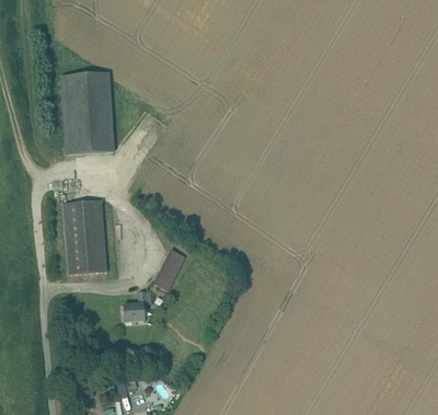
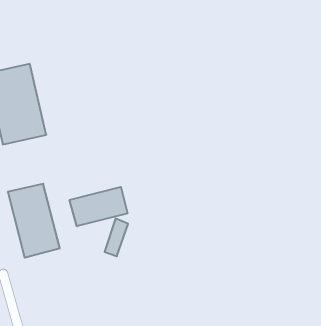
building: none -> [70,187,127,226]
building: [123,290,150,321] -> none

